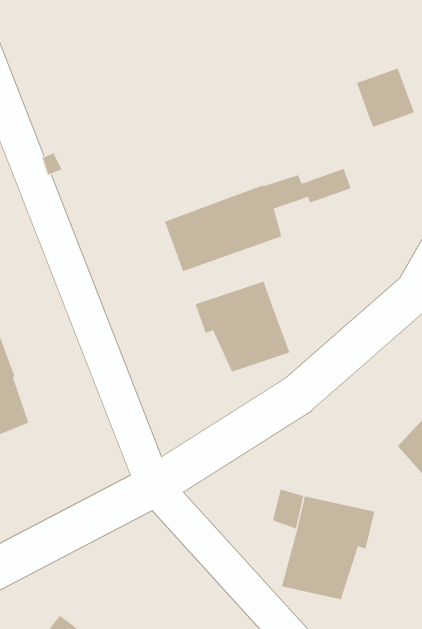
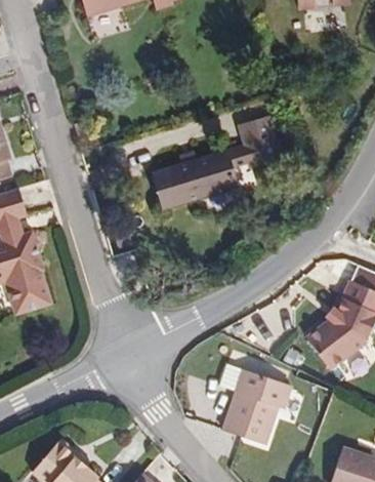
building: [356,68,415,128] -> [243,114,282,154]
building: [195,281,290,373] -> none

